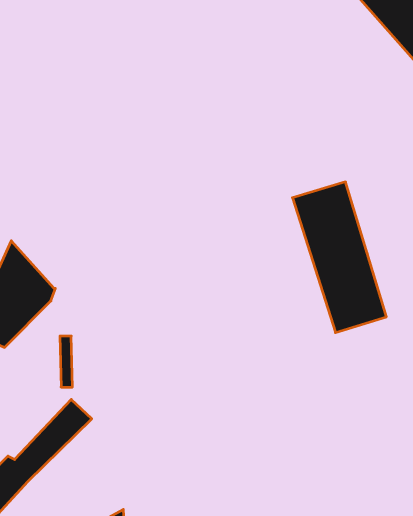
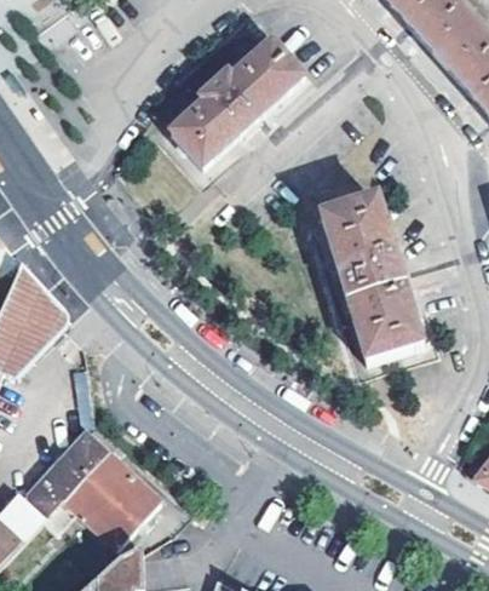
building: none -> [172,39,305,163]
building: none -> [40,451,160,546]

